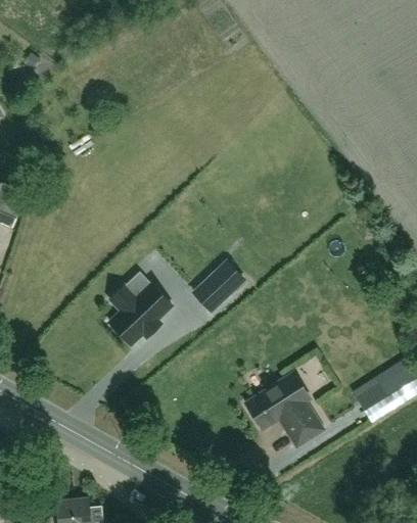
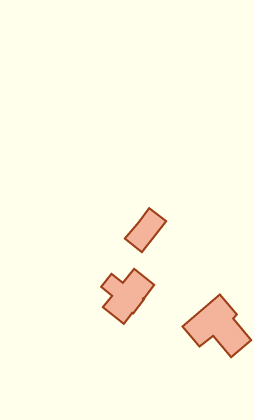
building: [109,284,172,345] -> [101,269,154,324]

